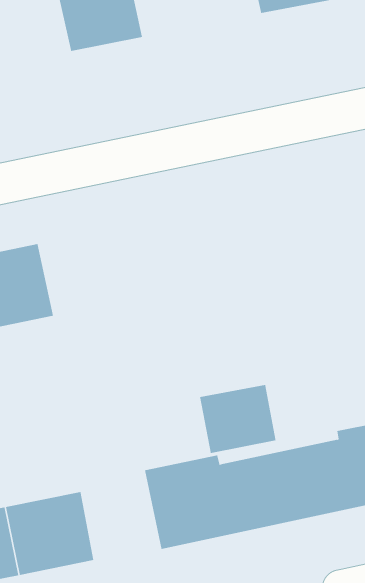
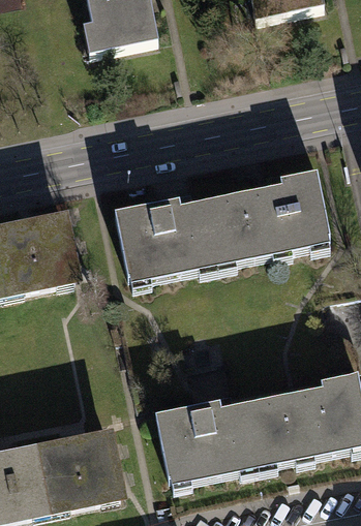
building: none -> [115,169,329,279]
building: [199,384,276,454] -> none

